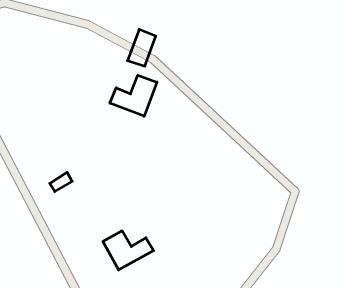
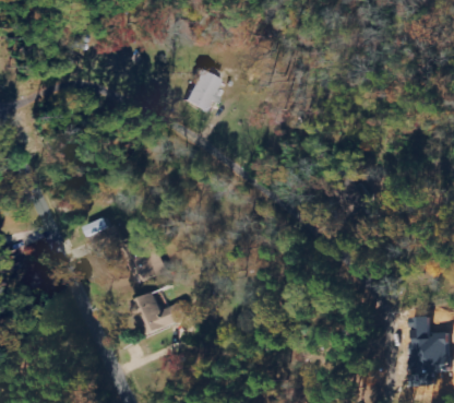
building: [110,75,157,116] -> none

